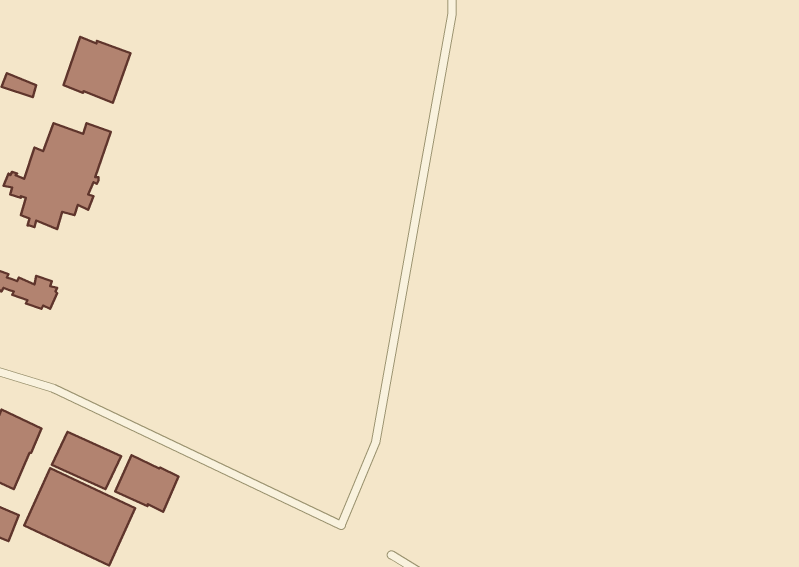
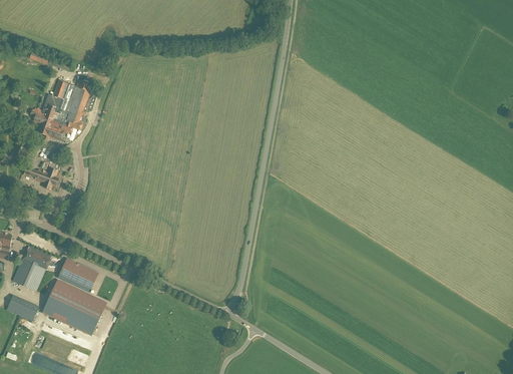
building: [64,37,131,103] -> none
building: [115,455,179,512] -> none

